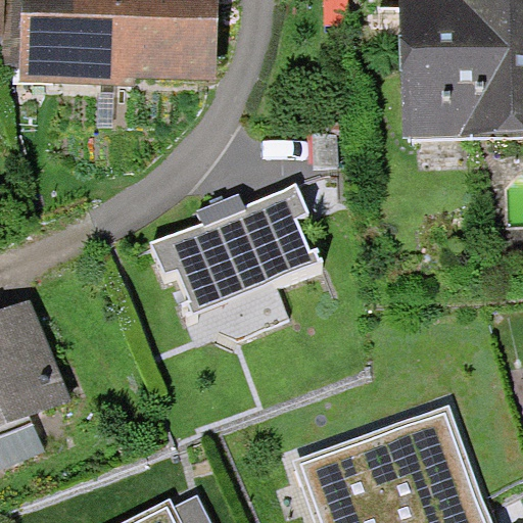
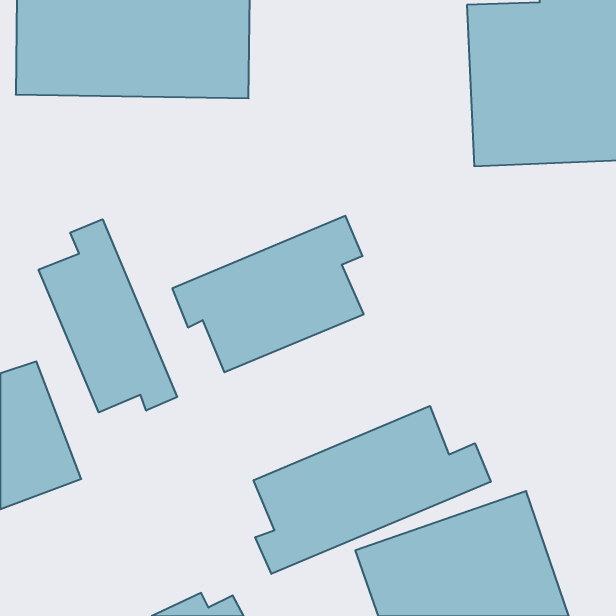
building: none -> [39,219,177,412]
building: none -> [254,406,491,574]

